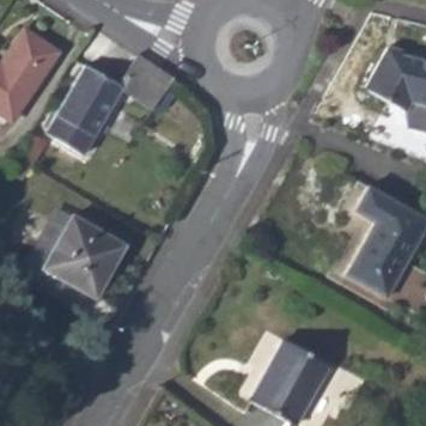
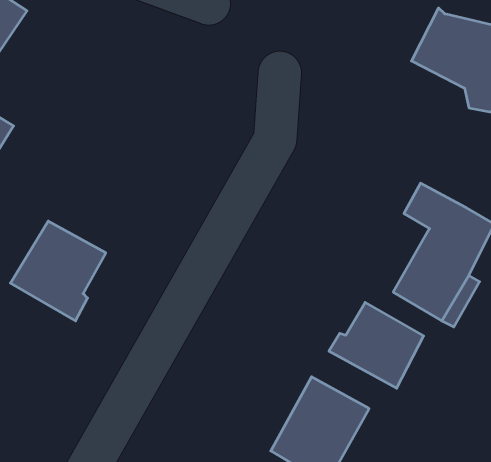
building: [48,55,174,154] -> none
building: none -> [329,302,424,388]

